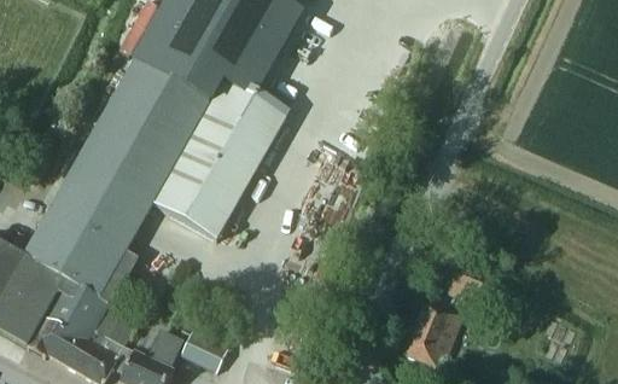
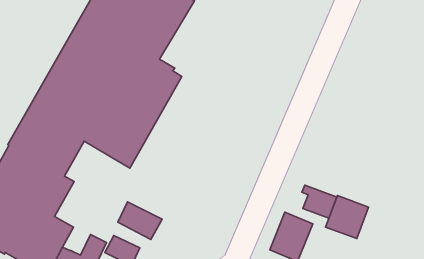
building: none -> [326,196,369,239]
building: none -> [118,202,162,239]

